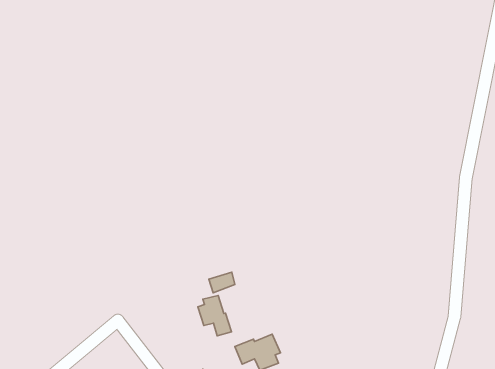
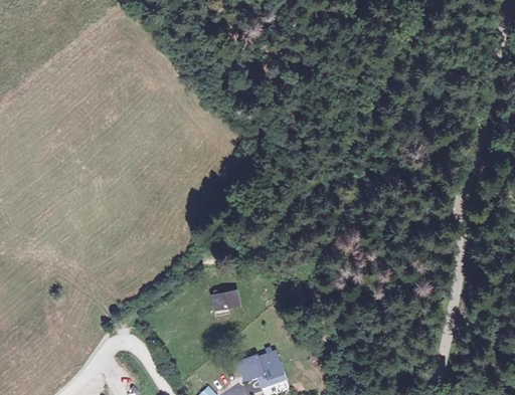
building: [198,295,231,336] -> none

